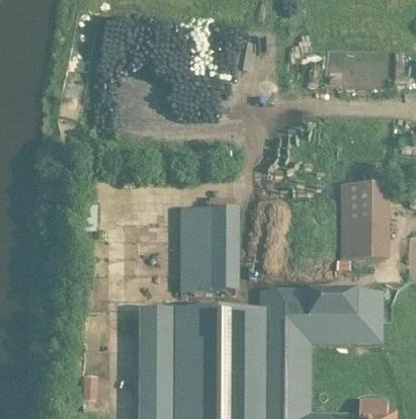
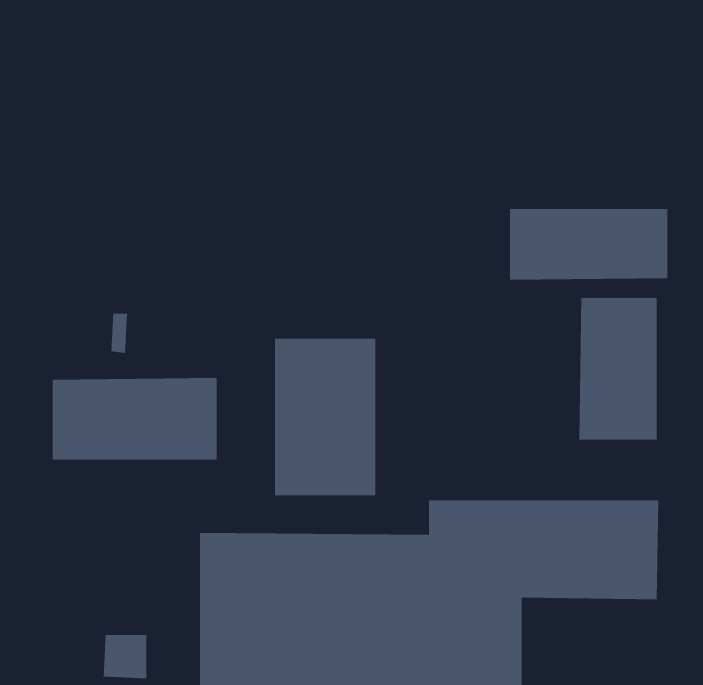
building: none -> [510,208,668,281]
building: none -> [52,377,217,460]

